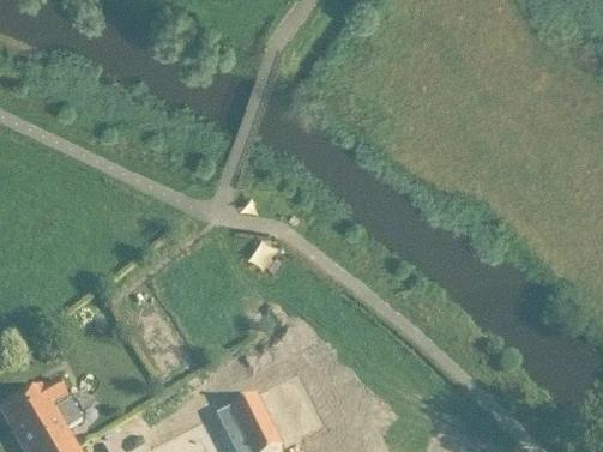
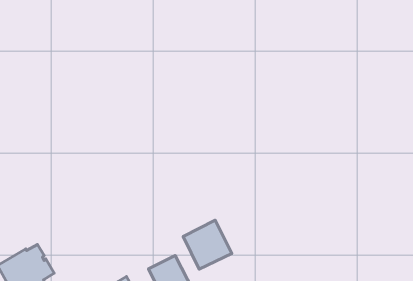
building: none -> [183,220,232,269]

